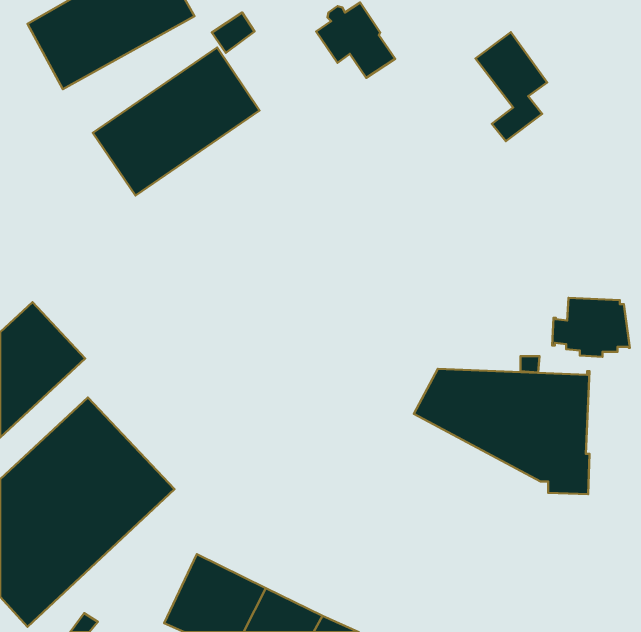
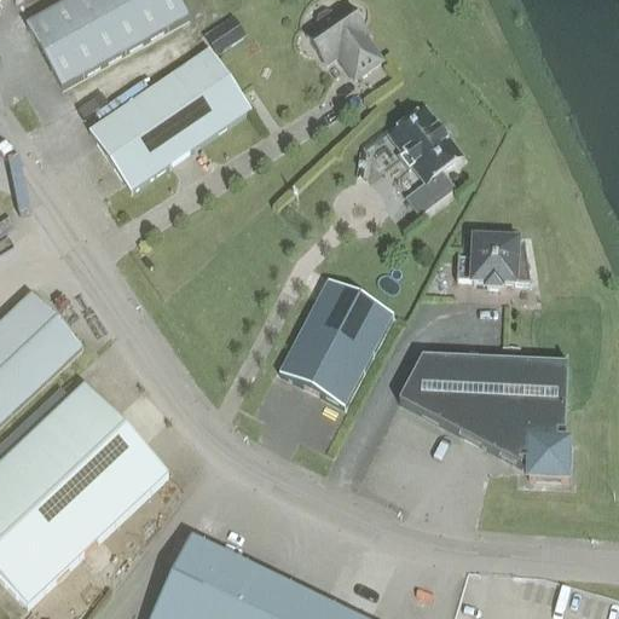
building: [476,32,547,141] -> [391,106,459,212]
building: none -> [279,278,393,405]
building: [552,298,630,357] -> [453,232,528,289]

